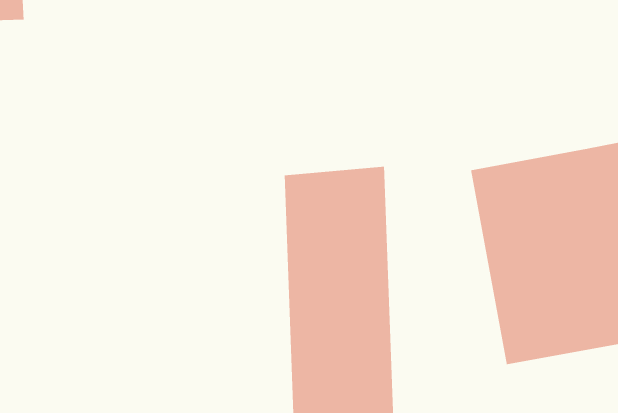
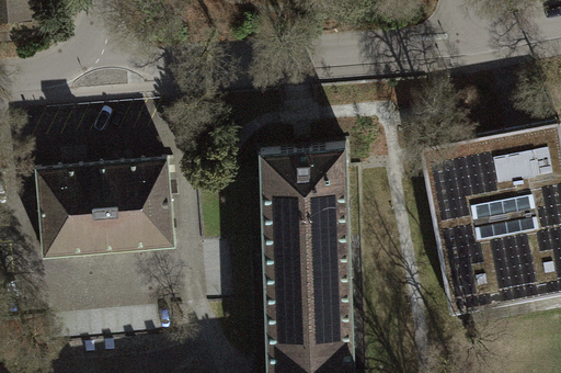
building: none -> [35,159,173,258]

